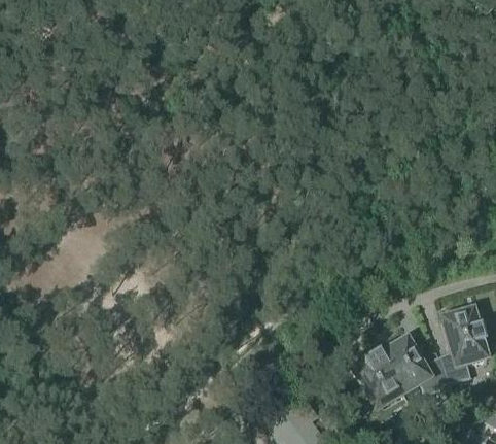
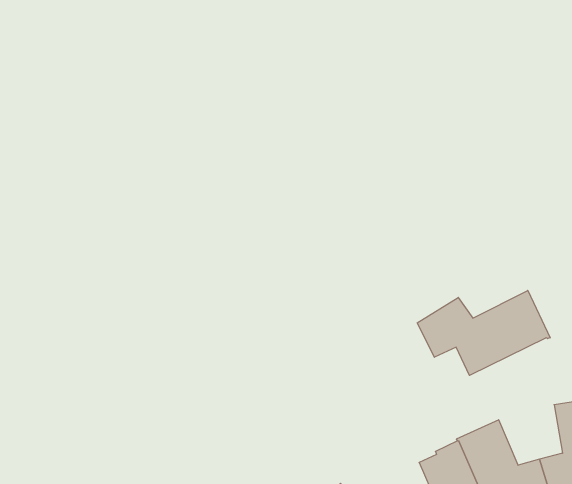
building: none -> [417,290,550,375]

